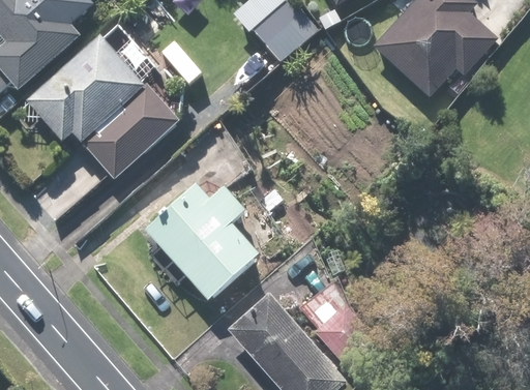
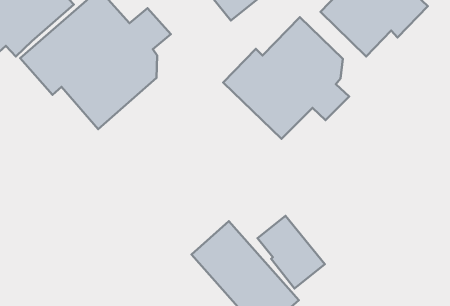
building: none -> [223,17,349,139]
building: [145,181,279,303] -> none

